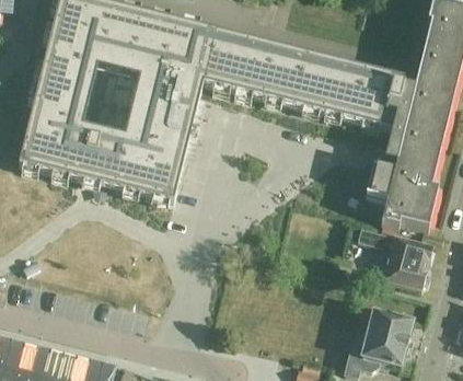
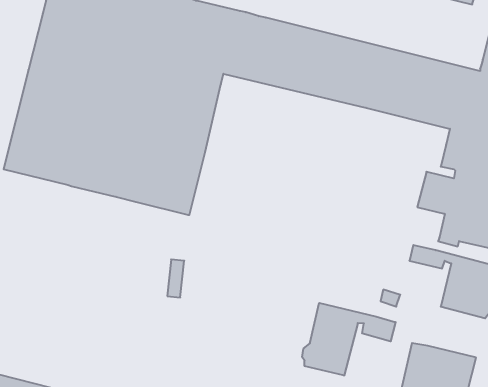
building: none -> [302,303,396,376]

